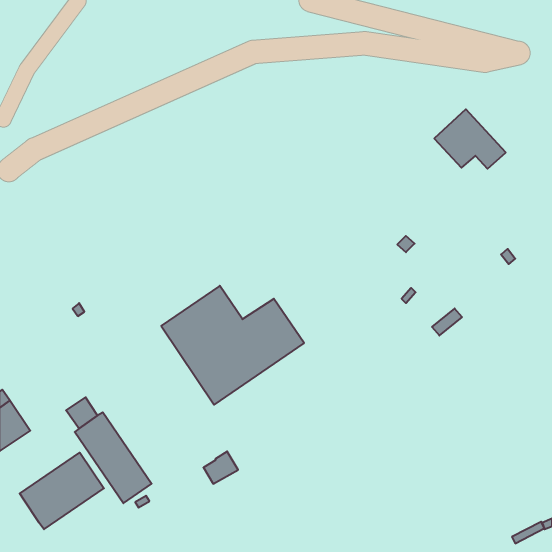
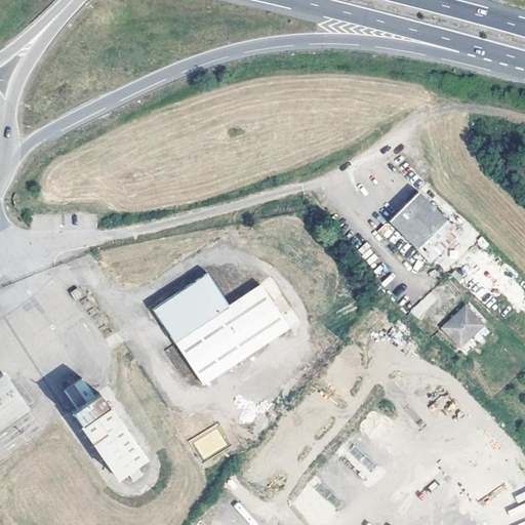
building: [434,109,506,169] -> [395,196,462,252]
building: none -> [445,309,486,350]
building: [20,453,104,529] -> none

